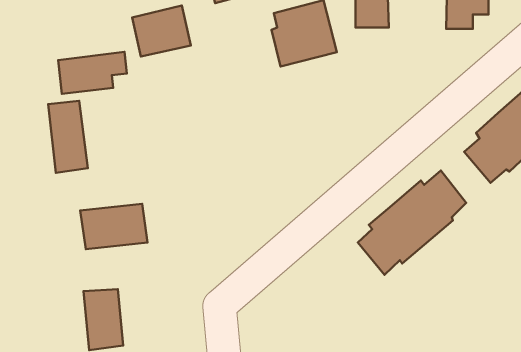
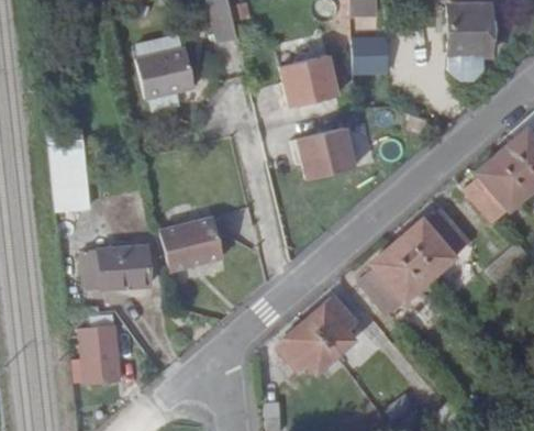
building: [58,52,127,94] -> none
building: none -> [290,122,358,185]
building: none -> [158,216,222,269]
building: none -> [276,298,355,373]

